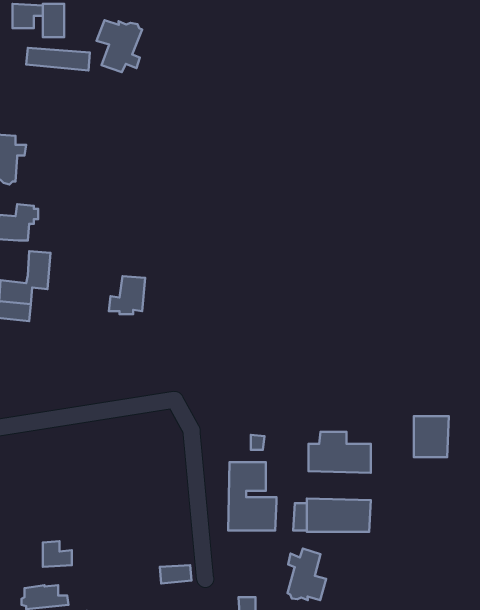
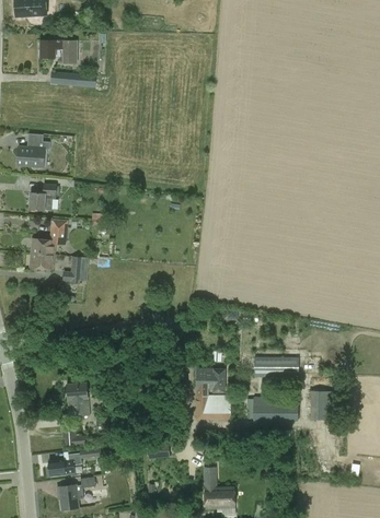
building: [96,20,142,72] -> none
building: [109,276,145,314] -> [62,256,89,283]
building: [414,416,449,457] -> [311,390,336,420]
building: none -> [66,381,90,415]
building: [287,548,326,600] -> none

